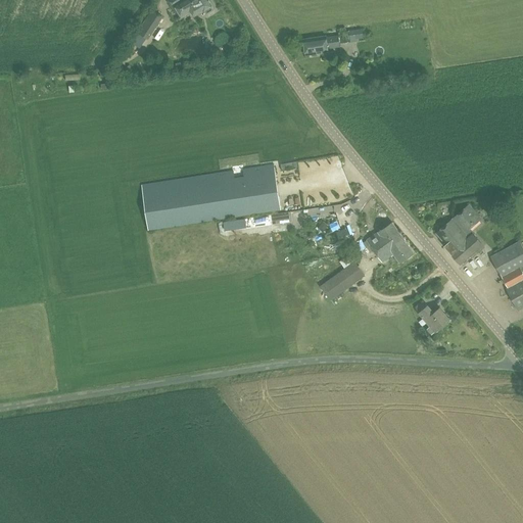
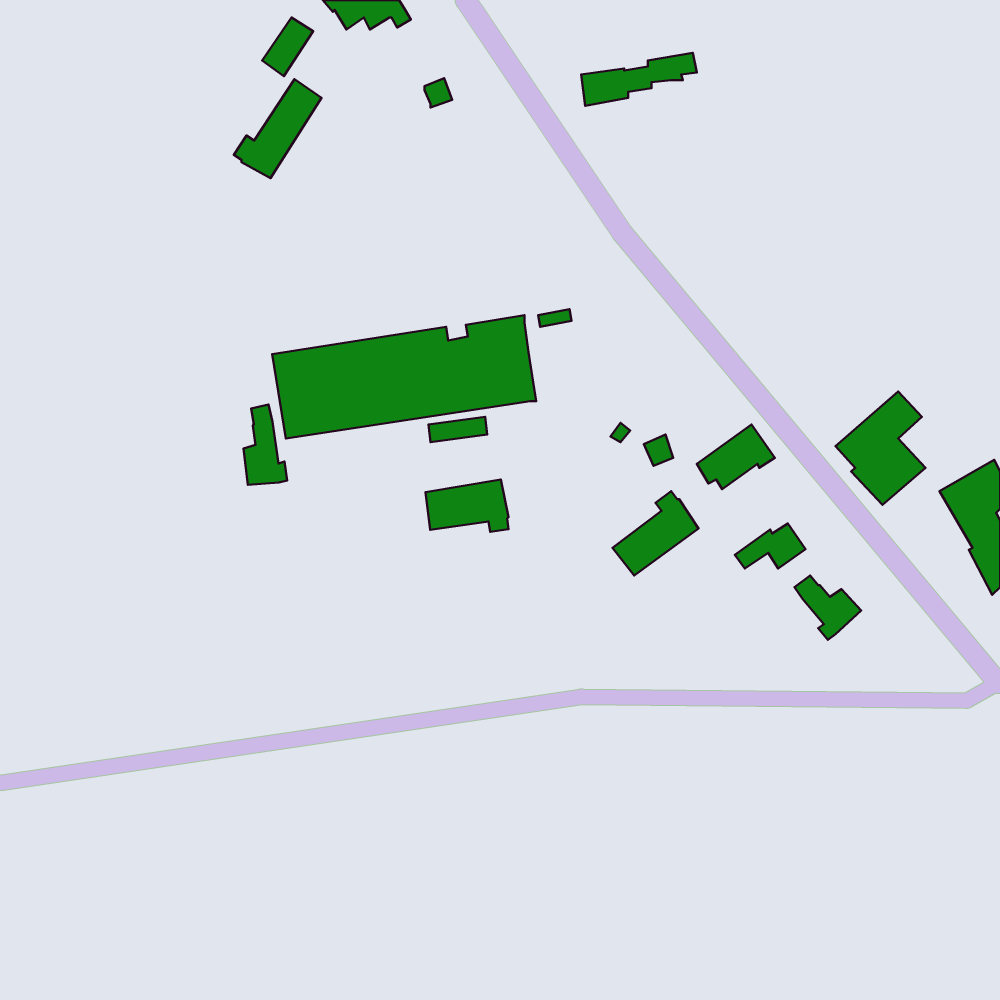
building: none -> [234,79,321,178]
building: none -> [243,405,287,485]
building: [377,239,414,263] -> [735,524,805,569]
building: none -> [425,480,509,532]

